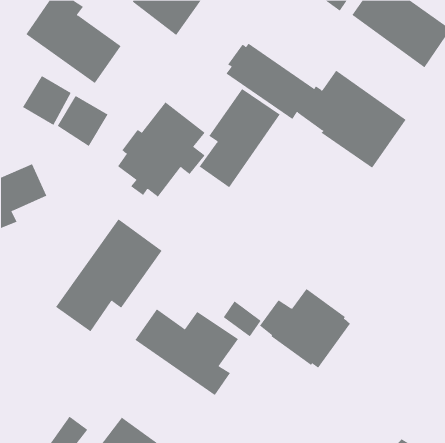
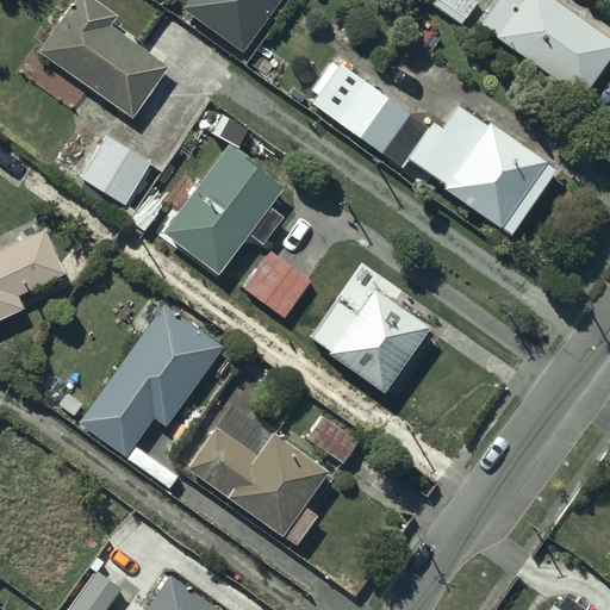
building: [22,75,72,126] -> none
building: [199,88,281,188] -> none
building: none -> [242,250,311,318]
building: [259,288,351,368] -> [310,285,435,394]

